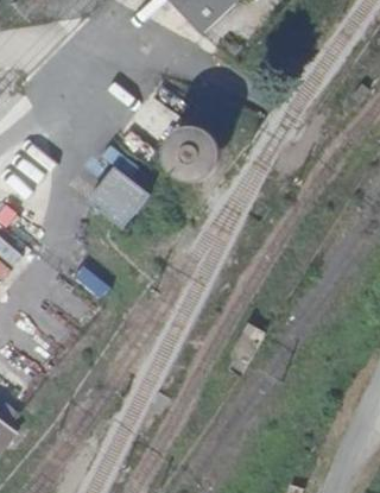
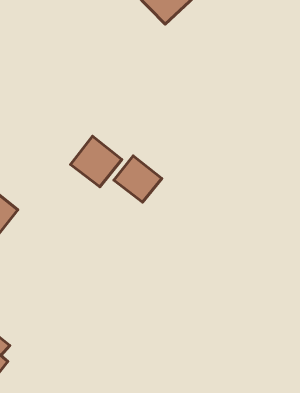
building: none -> [114,156,162,202]

